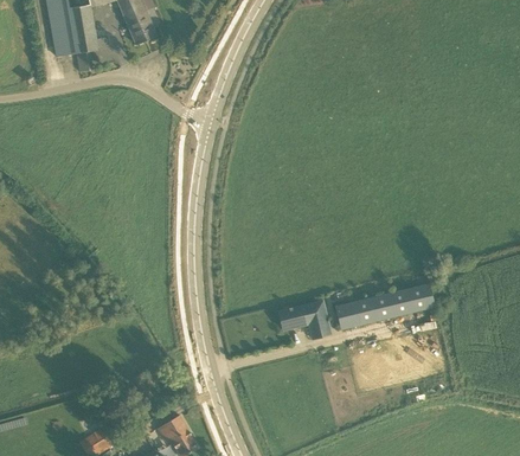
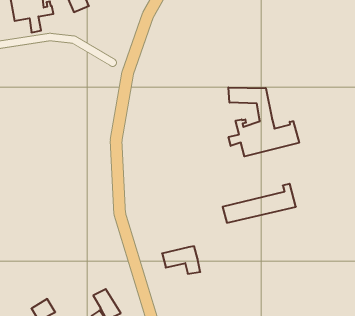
building: none -> [228,87,299,156]
building: [278,303,329,340] -> [162,246,200,274]

